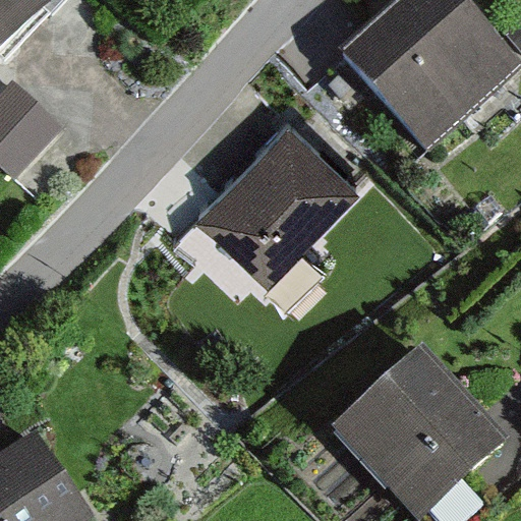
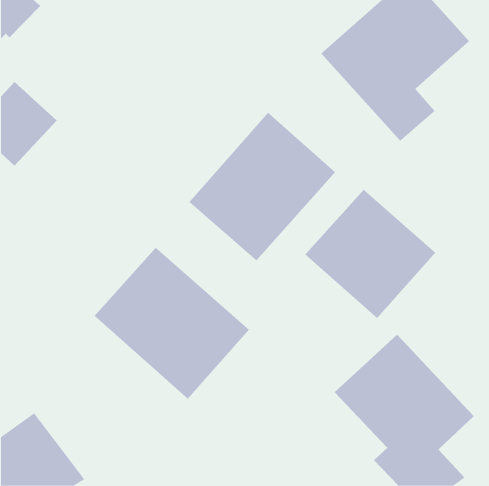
building: none -> [305,189,436,319]
building: none -> [94,247,250,399]

